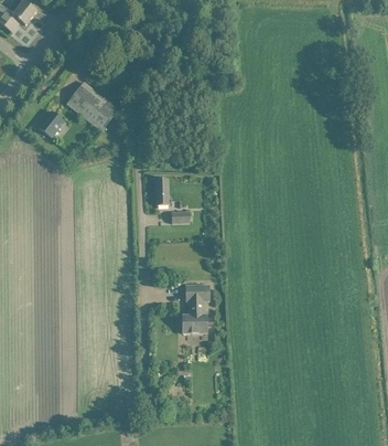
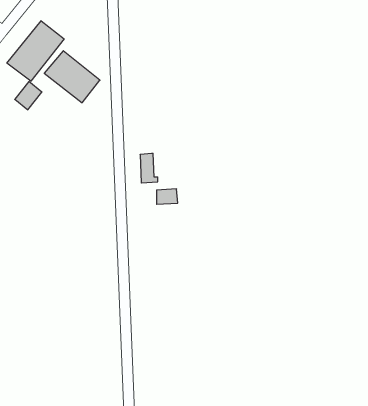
building: none -> [7,21,64,81]
building: [181,285,208,332] -> none

